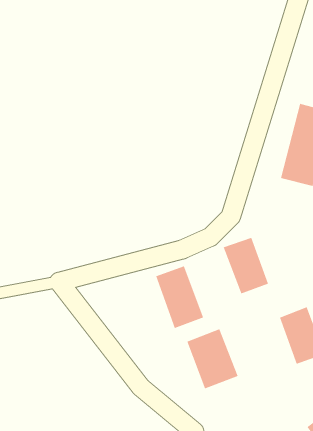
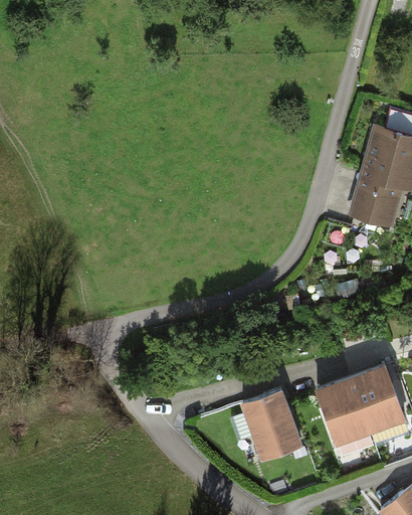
building: [223,237,269,294] -> [316,379,370,447]
building: [155,266,204,329] -> none

